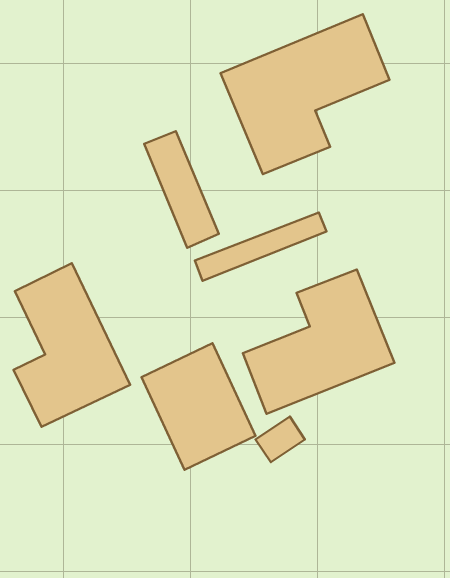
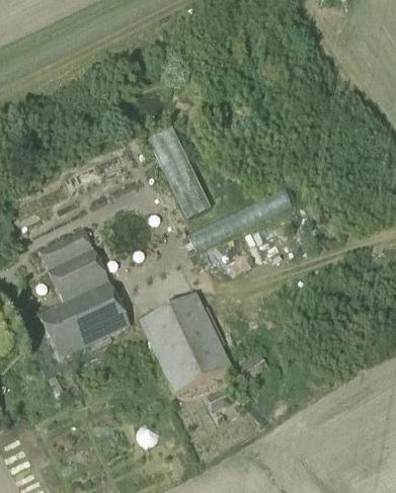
building: [220,14,389,174] -> none
building: [243,269,395,414] -> none

